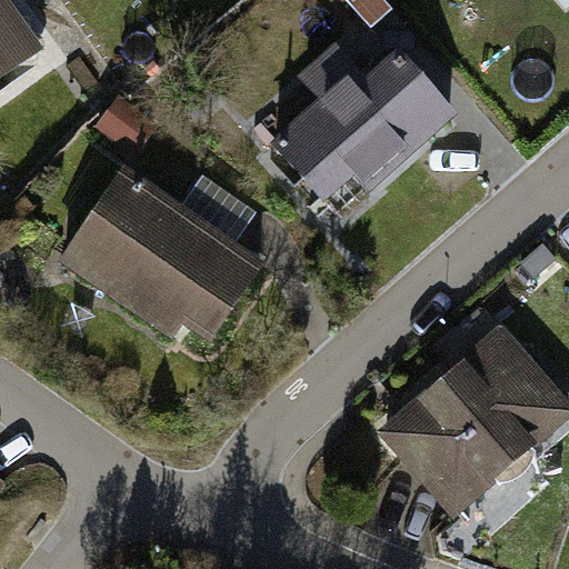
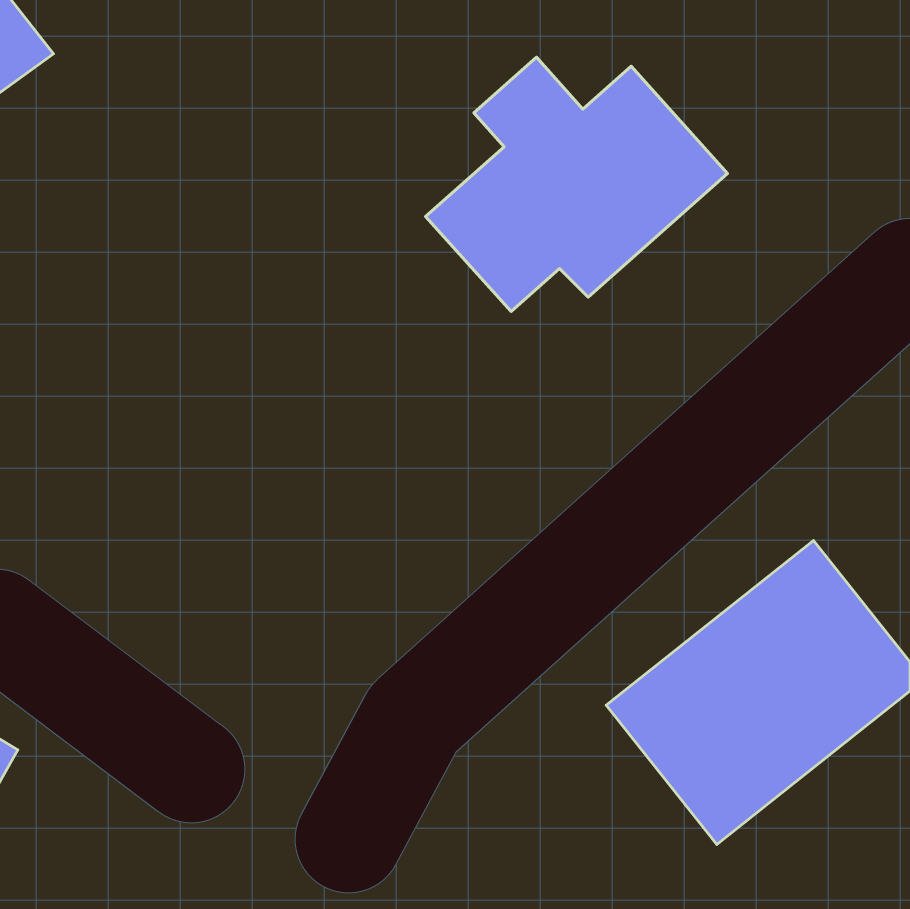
building: [96,156,301,348] -> none

